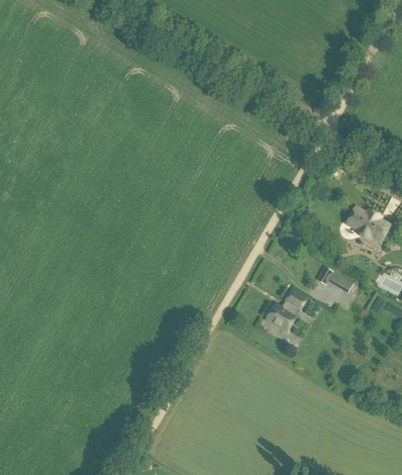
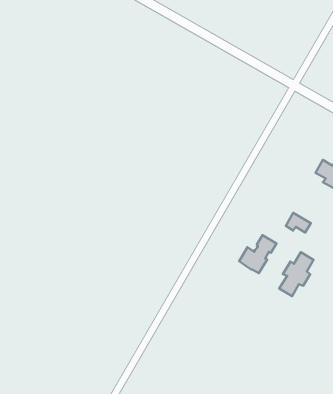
building: none -> [279,252,314,296]

